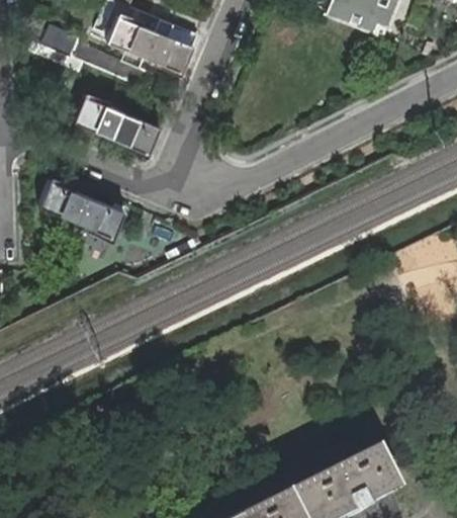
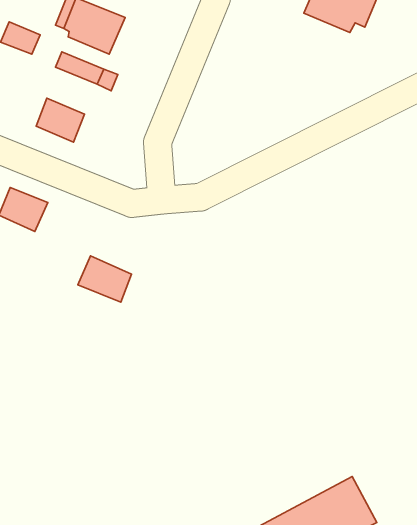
building: [143,19,197,71] -> none
building: [109,110,158,152] -> none
building: [73,193,123,237] -> [78,256,131,302]

